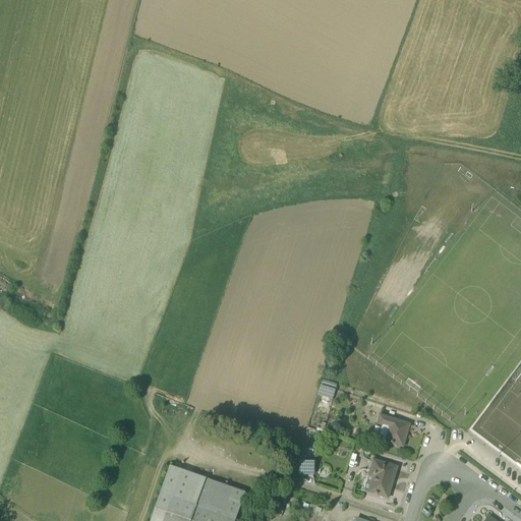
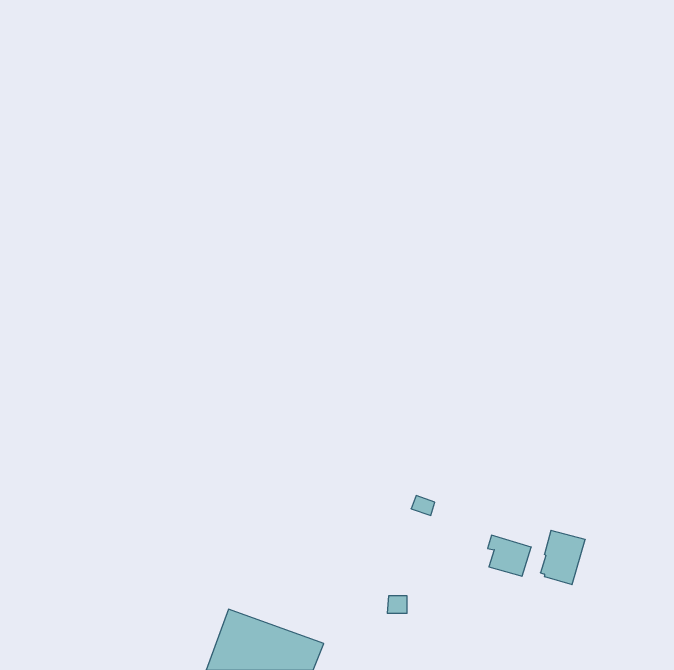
building: [364,456,399,498] -> [540,530,585,585]

